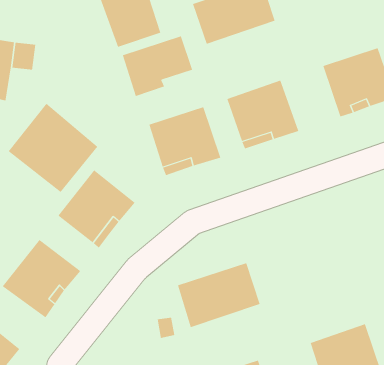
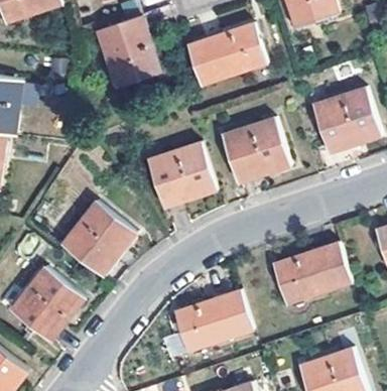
building: [122,36,193,97] -> none
building: [8,103,98,193] -> none
building: none -> [271,243,350,302]

